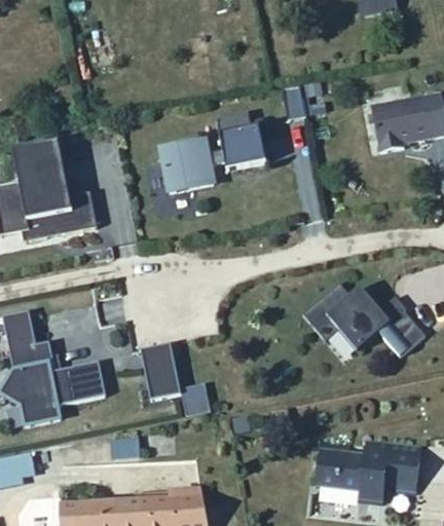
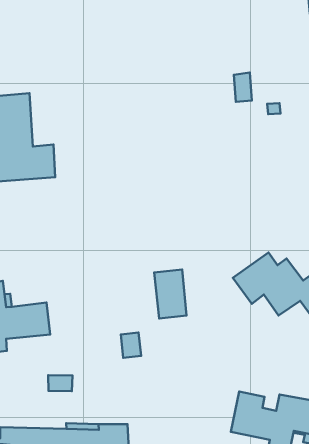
building: [161,122,266,193] -> none
building: [140,344,180,401] -> [154,270,186,318]

